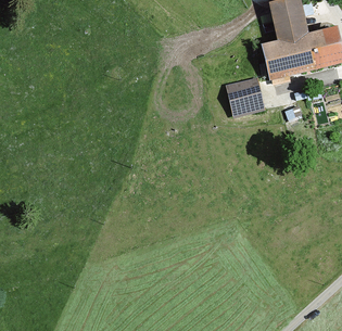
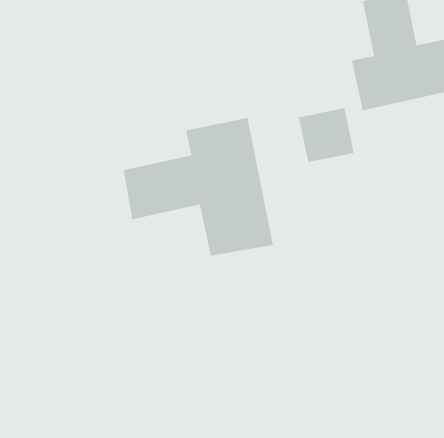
building: none -> [123,117,274,257]

